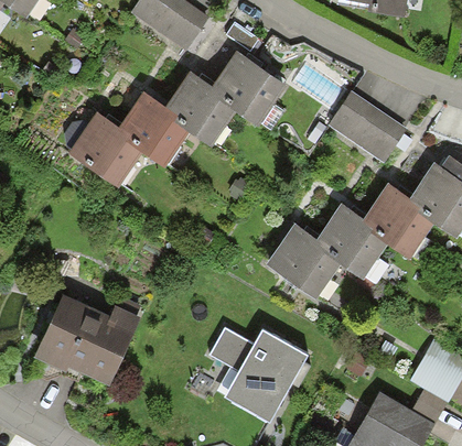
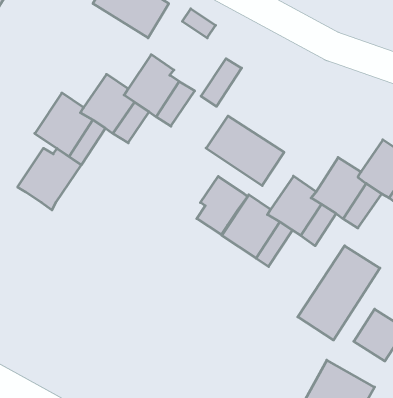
building: [212,54,271,116] -> none
building: [329,91,411,165] -> [206,116,284,186]
building: none -> [18,148,81,210]
building: none -> [197,176,248,234]
building: none -> [298,246,380,340]
building: [36,300,135,379] -> none
building: [205,325,304,416] -> none

